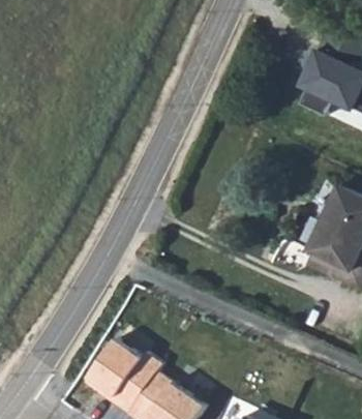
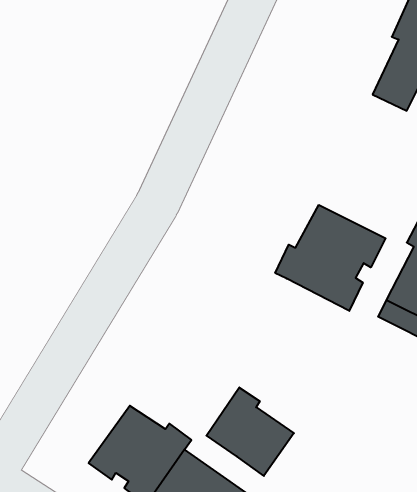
building: none -> [275,205,386,311]
building: none -> [206,387,294,476]

